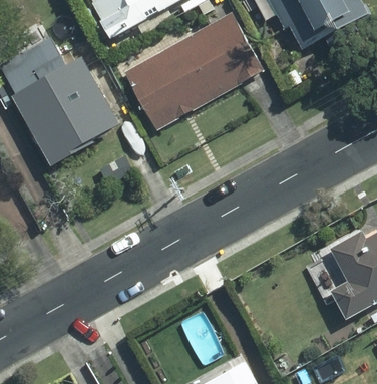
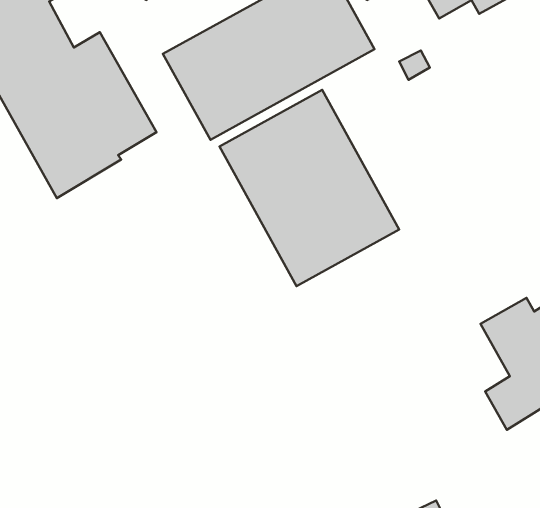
building: none -> [219,90,399,286]

